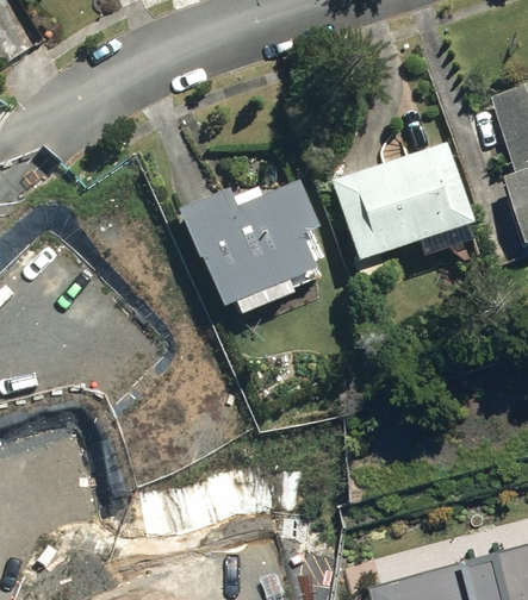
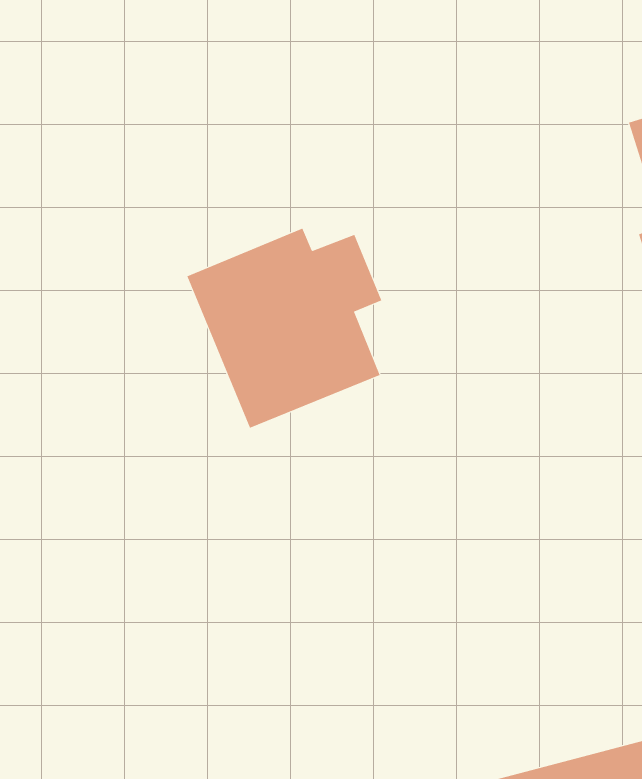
building: [329,146,470,260] -> none

